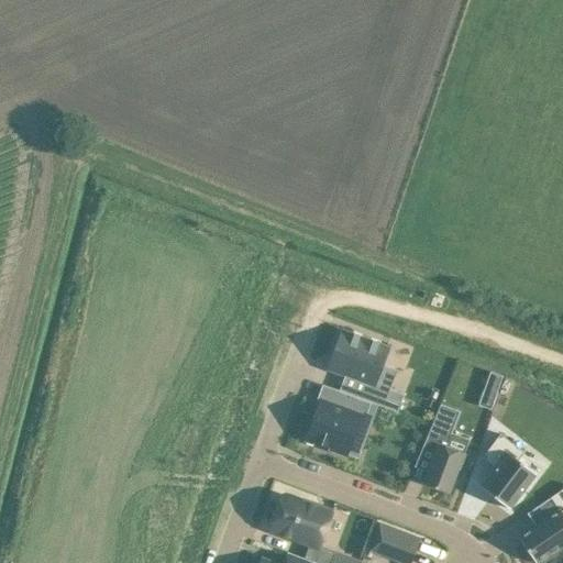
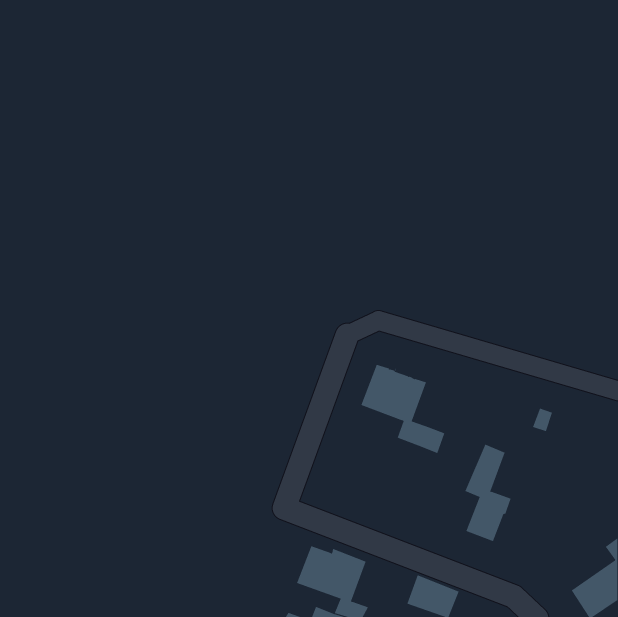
building: [308,389,377,453] -> none
building: [481,434,536,509] -> none

